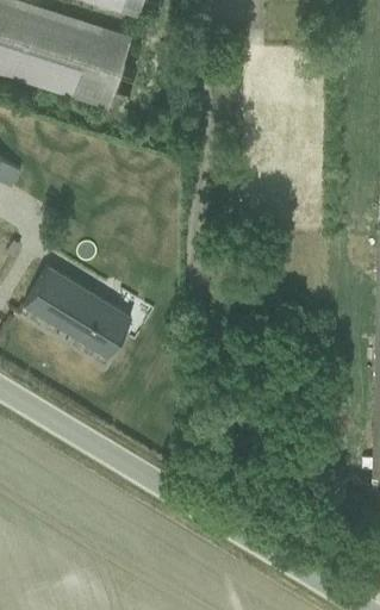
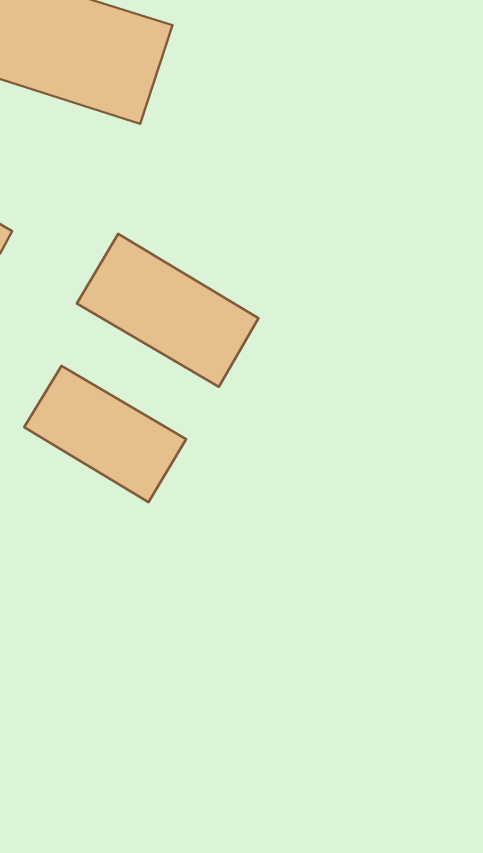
building: none -> [77,234,259,387]

